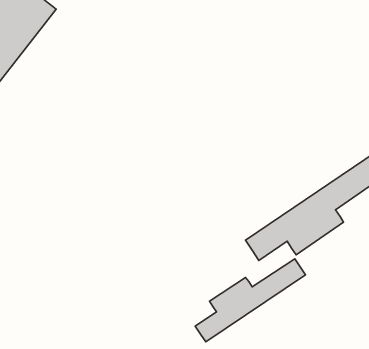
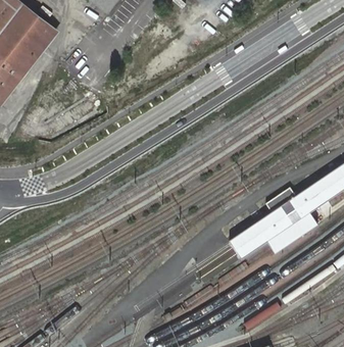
building: [195,259,306,342] -> none

